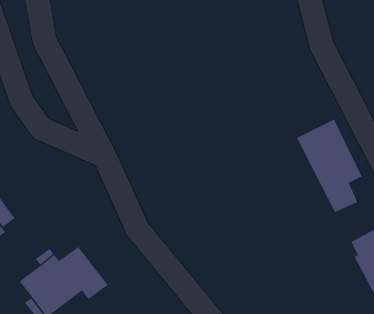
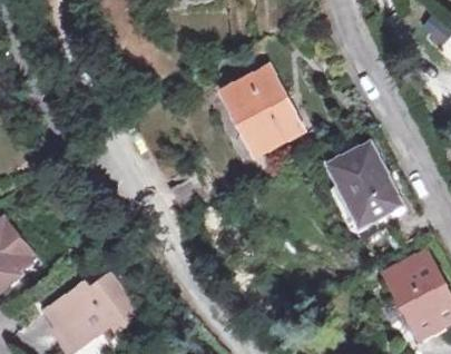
building: none -> [231,71,302,151]

